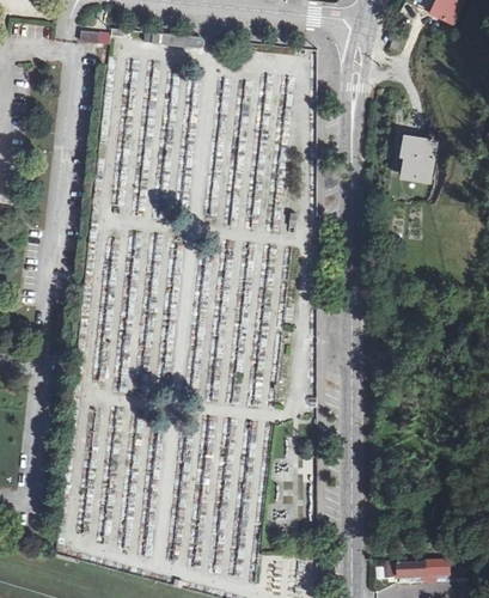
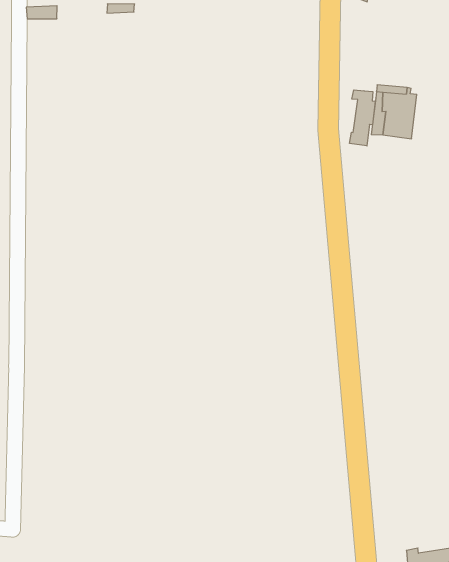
building: none -> [350,90,375,146]

